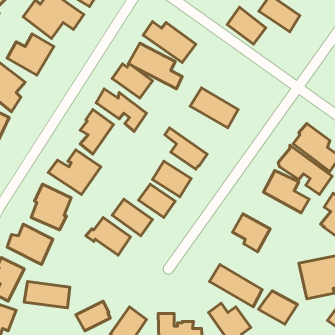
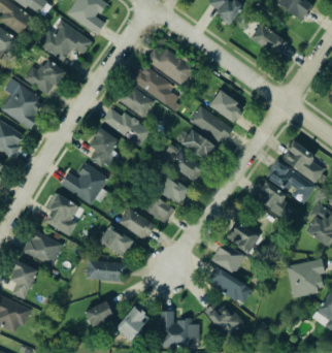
building: [227,7,266,44] -> [209,90,244,123]
building: none -> [181,129,218,162]
building: [24,281,70,308] -> [86,259,127,283]
building: [259,291,298,324] -> [211,243,246,272]

